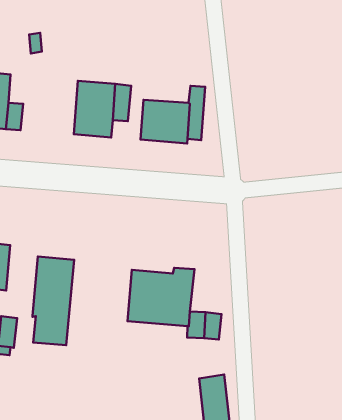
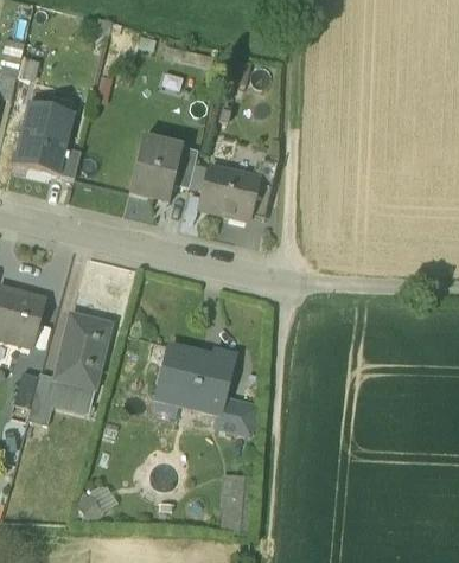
building: none -> [27,372,59,423]

